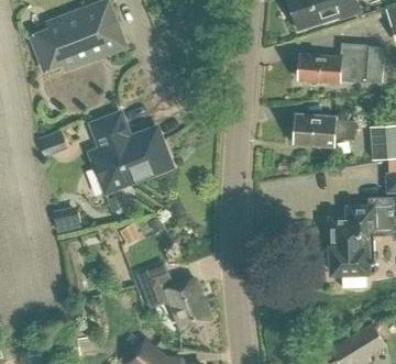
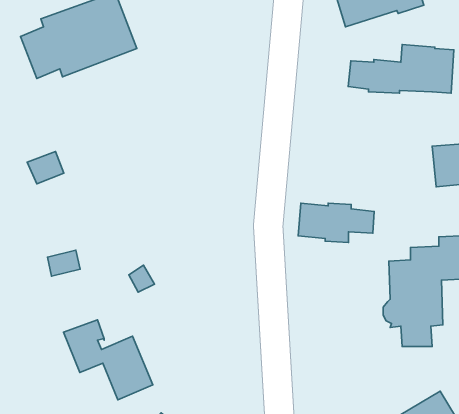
building: [91,112,172,188] -> none
building: [294,115,355,147] -> [298,203,374,243]
building: [138,264,210,329] -> [64,320,153,400]

